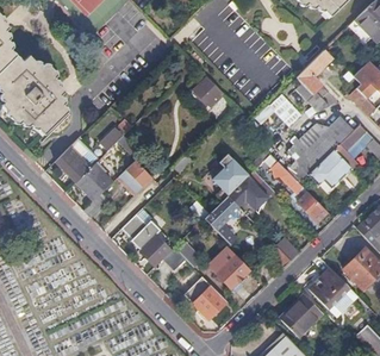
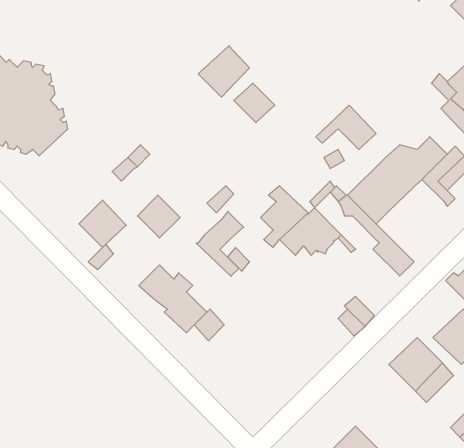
building: none -> [198,46,249,97]
building: [297,50,331,111] -> none
building: [55,137,100,182] -> none
building: [310,149,351,185] -> none
building: [204,194,239,243] -> [196,211,244,276]
building: [217,254,250,287] -> none
building: [185,275,228,319] -> none
building: [279,294,323,337] -> none

